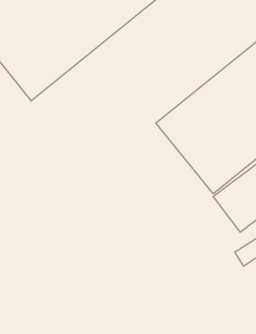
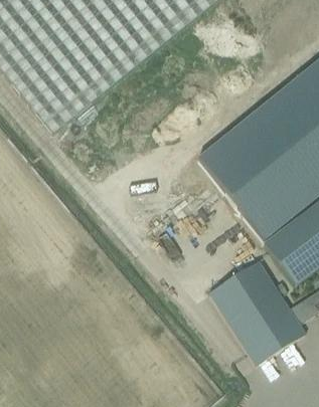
building: none -> [208,260,305,365]

